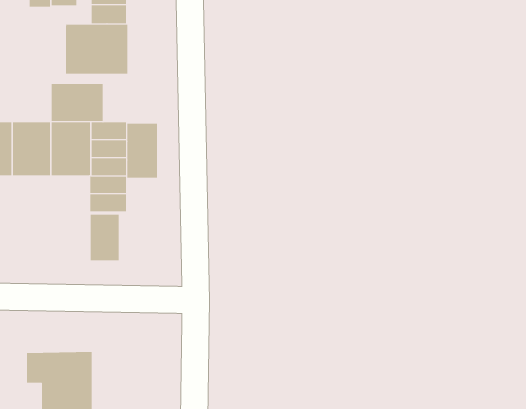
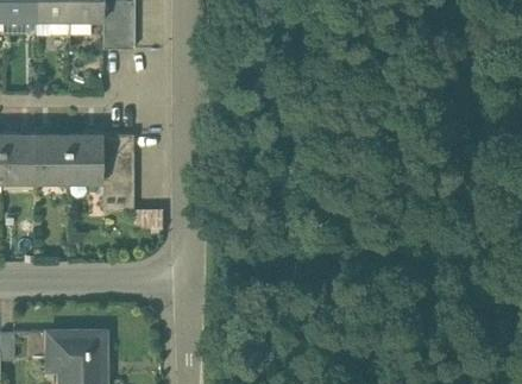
building: [66,24,128,75] -> none
building: [51,83,103,122] -> none
building: [127,123,157,179] -> none
building: [90,214,119,261] -> none

